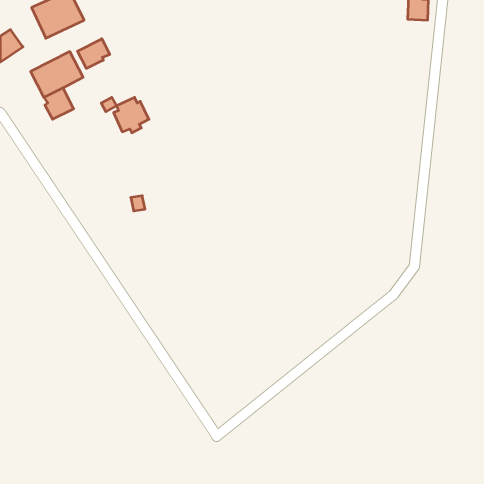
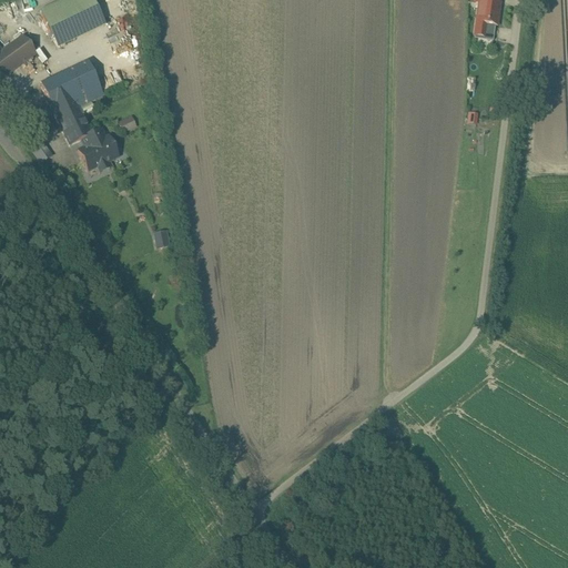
building: [78,39,110,68] -> none
building: [114,97,149,133] -> [81,129,122,170]

